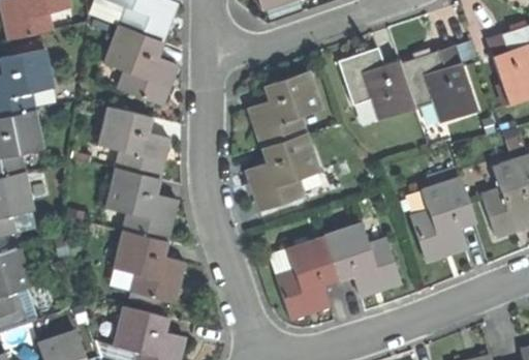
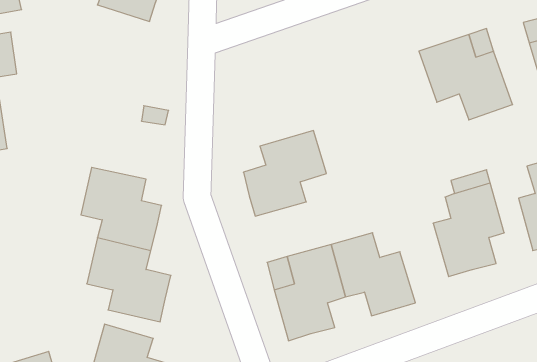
building: [107,25,177,103] -> none
building: [339,48,415,122] -> none
building: [251,72,321,148] -> none
building: [99,107,172,177] -> none

